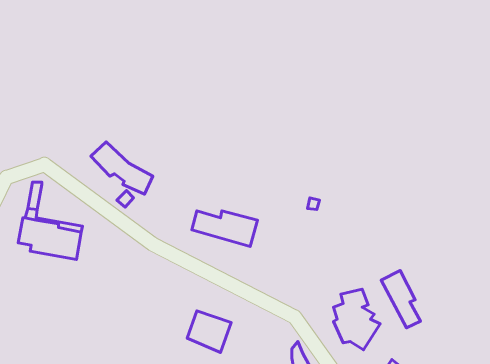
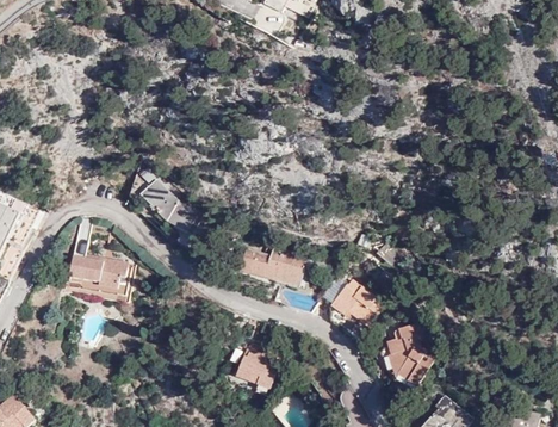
building: none -> [327,281,383,328]
building: [381,270,420,328] -> none

